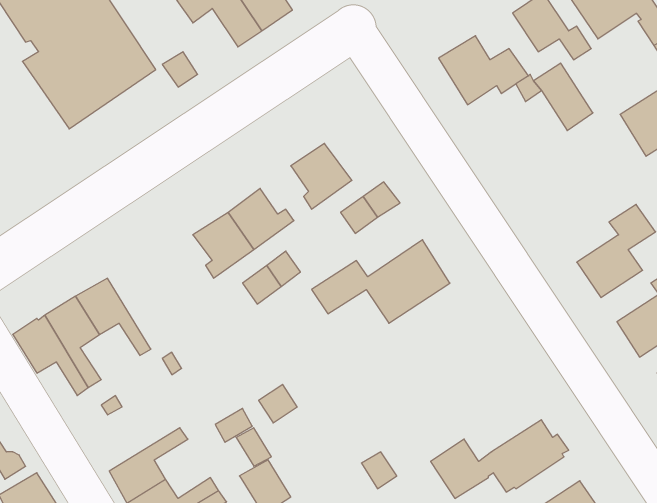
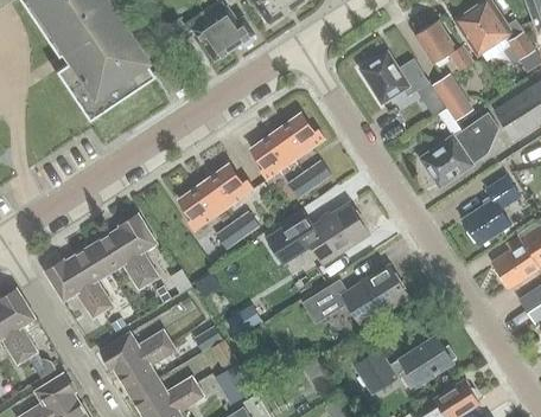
building: none -> [275,113,324,158]
building: none -> [419,113,498,186]
building: none -> [115,213,157,282]
building: none -> [301,264,408,326]
building: none -> [100,331,168,372]

